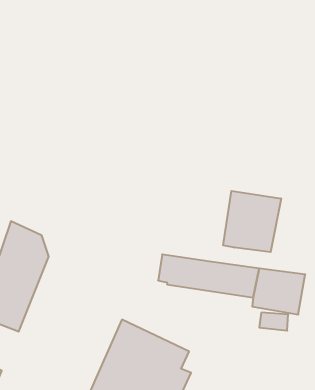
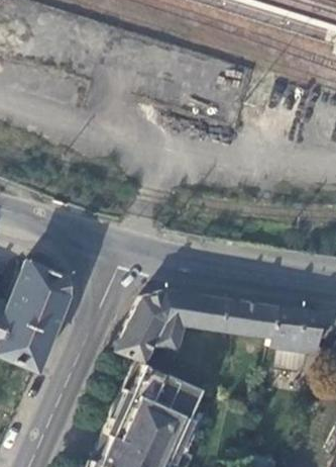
building: [223,191,281,252] -> none
building: none -> [115,290,184,359]

